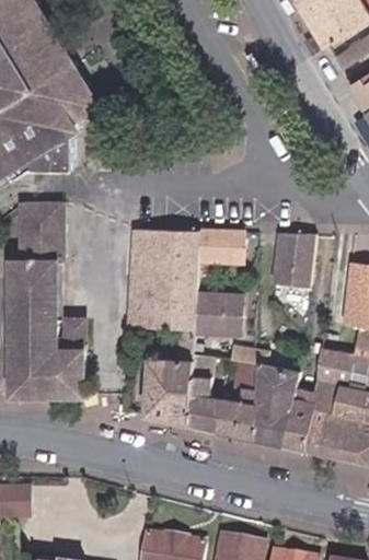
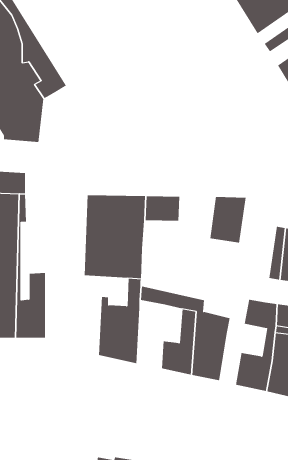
building: [194,293,242,332] -> none
building: [189,361,219,431] -> none
building: [285,380,338,450] -> none

